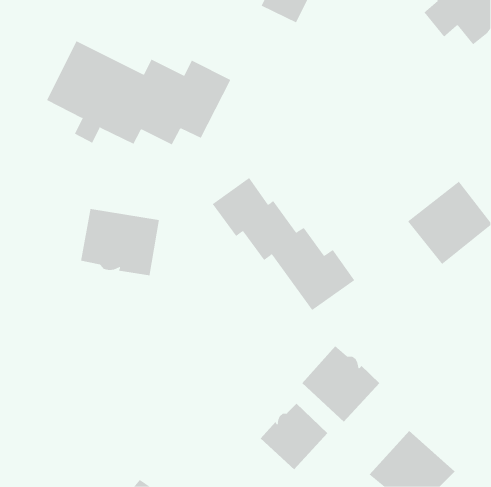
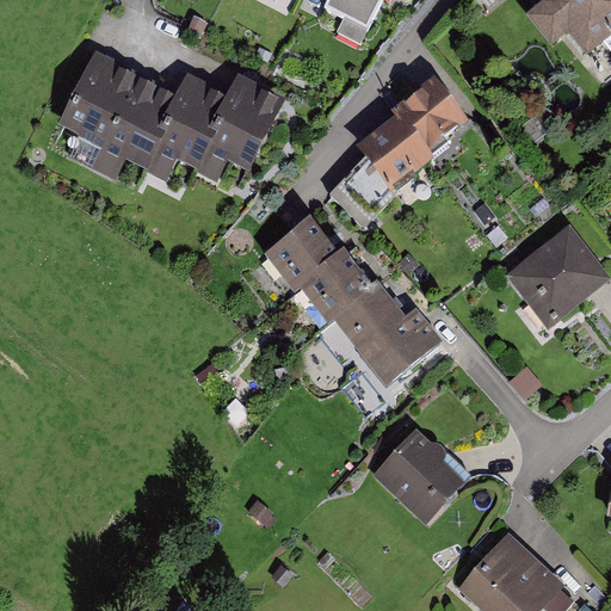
building: none -> [328,76,465,224]
building: [80,208,159,276] -> none
building: [260,403,328,470] -> none

